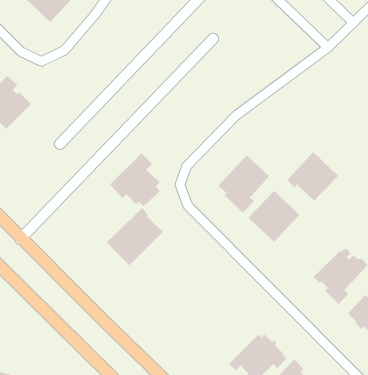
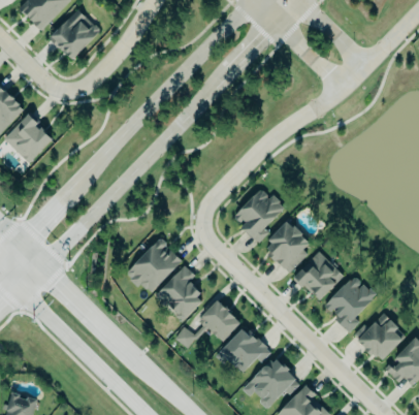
building: [286,151,339,201] -> [292,251,343,299]
building: [109,152,161,207] -> [153,263,202,316]
building: none -> [173,299,239,349]
building: none -> [216,328,268,372]

